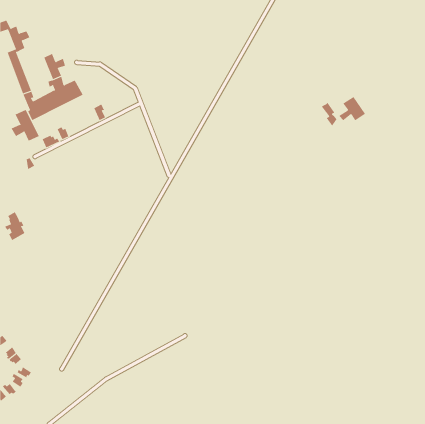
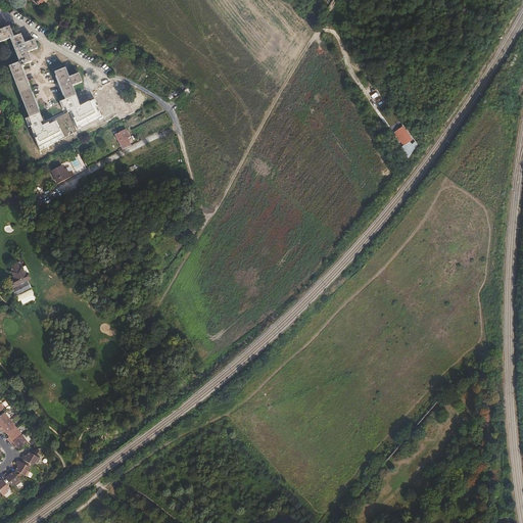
building: [339,96,366,121] -> none
building: [11,109,40,141] -> none

